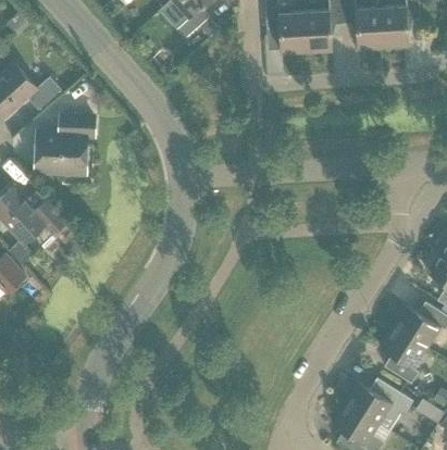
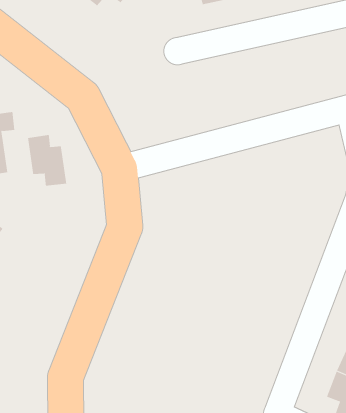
building: none -> [28,134,67,186]

